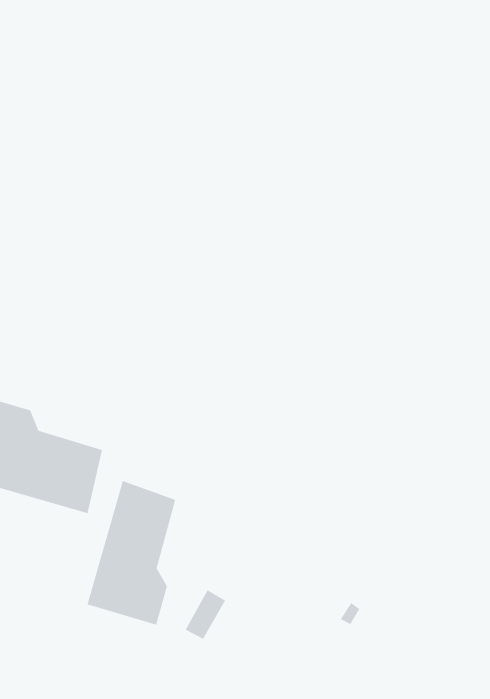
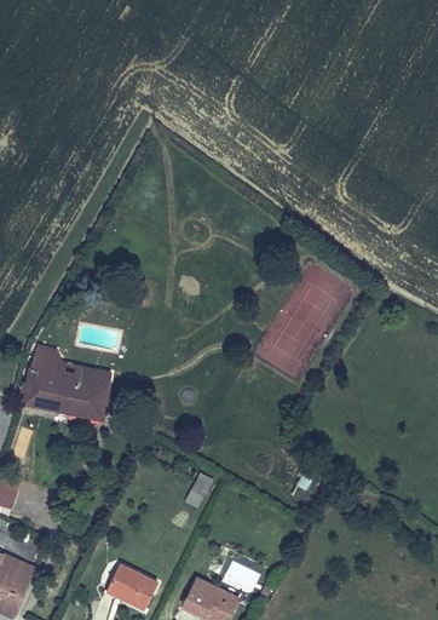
building: [87,480,176,626] -> none

